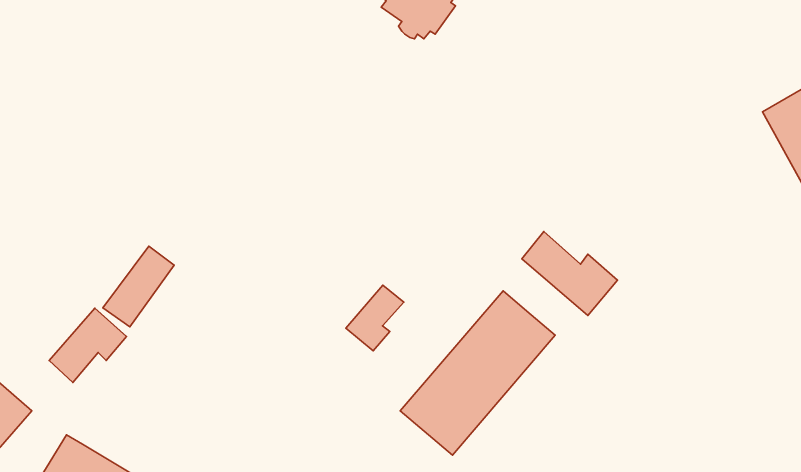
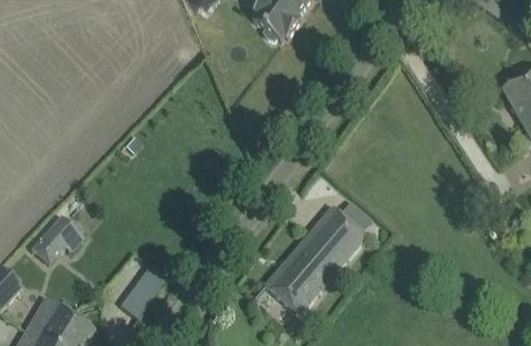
building: [522,231,617,316] -> none
building: [103,246,174,327] -> [118,262,165,315]
building: [346,285,404,351] -> none

